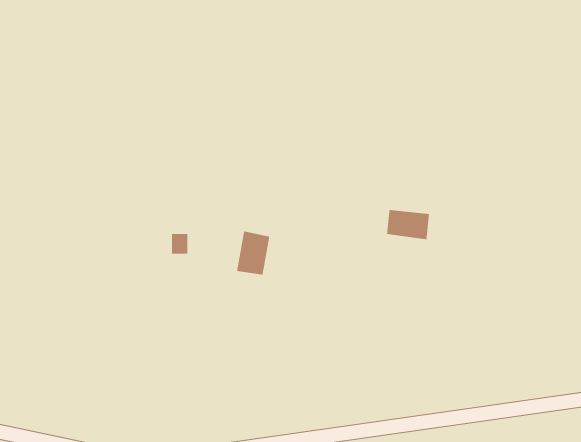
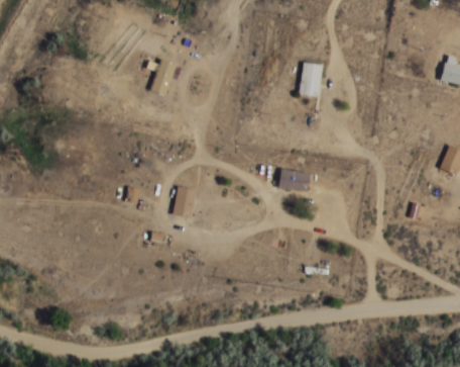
building: none -> [299,62,322,97]

